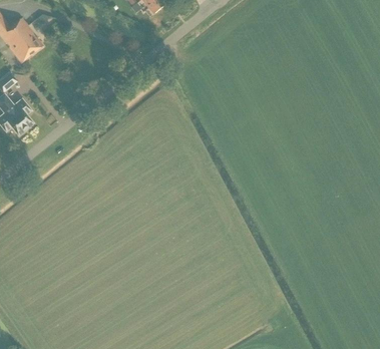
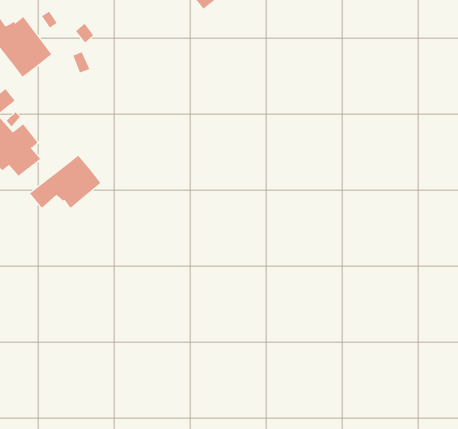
building: none -> [29,155,101,209]

